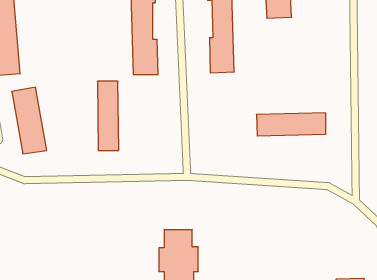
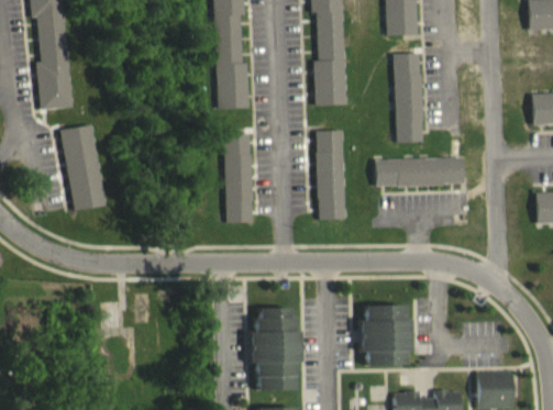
building: none -> [395,53,422,142]
building: [97,81,119,150] -> [224,133,252,222]
building: none -> [317,130,345,220]
building: none -> [360,304,412,366]

